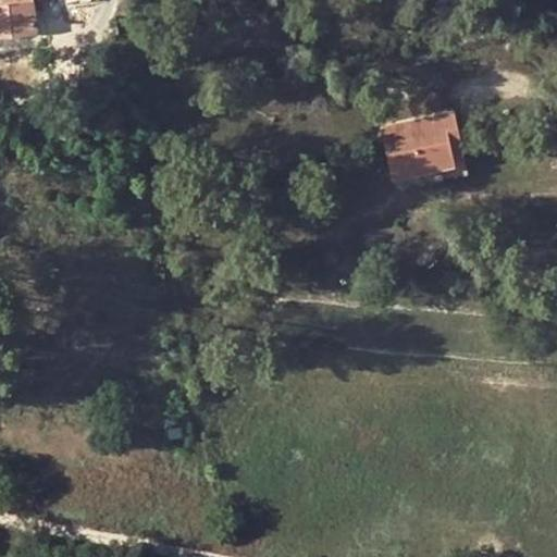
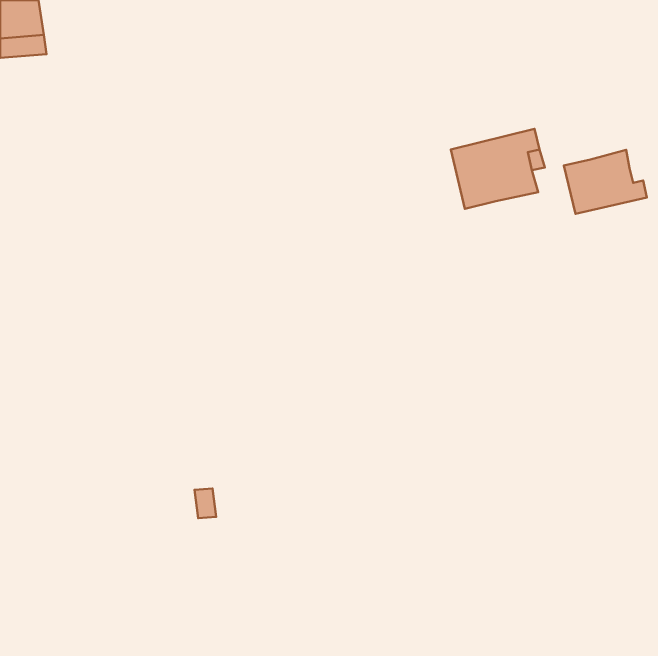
building: none -> [564,150,647,214]

